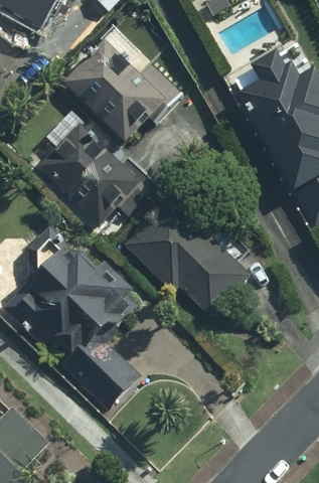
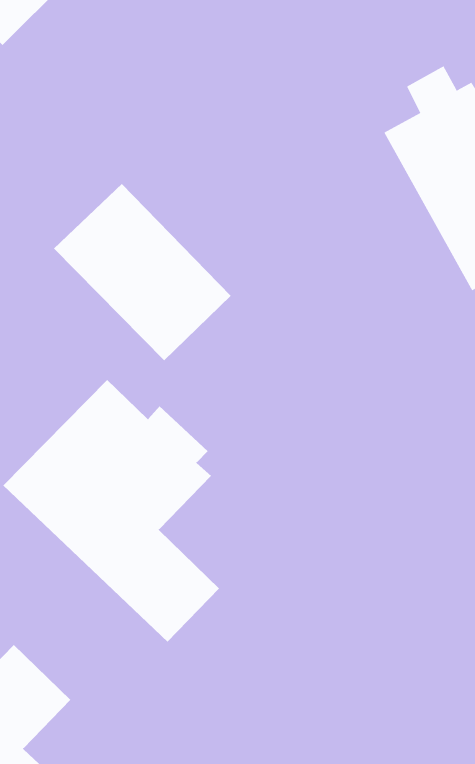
building: [63,39,164,138] -> none
building: [124,194,251,321] -> none

